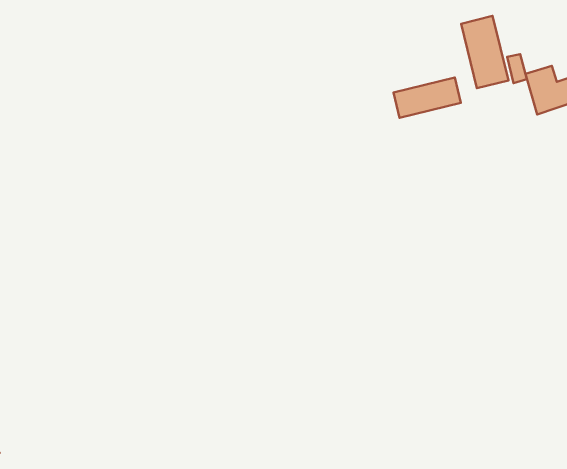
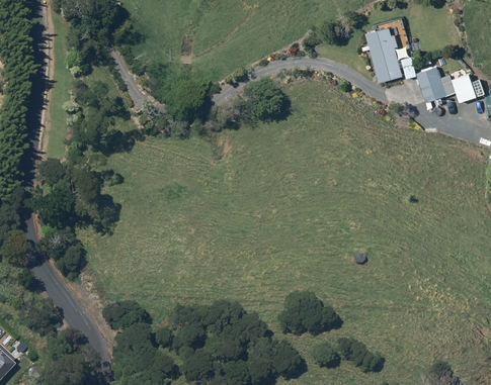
building: [394,77,461,118] -> none

